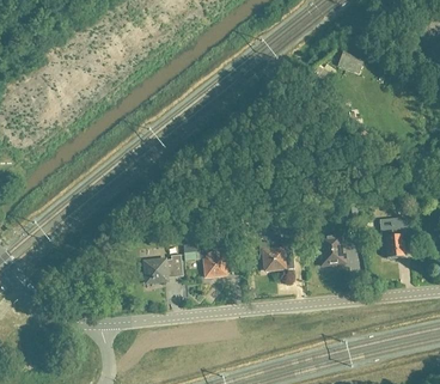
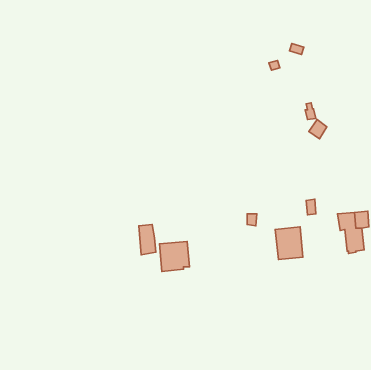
building: [258,239,294,270] -> none
building: [143,255,182,284] -> none

